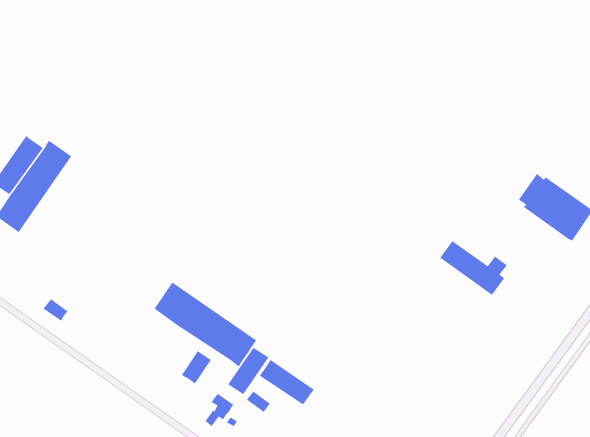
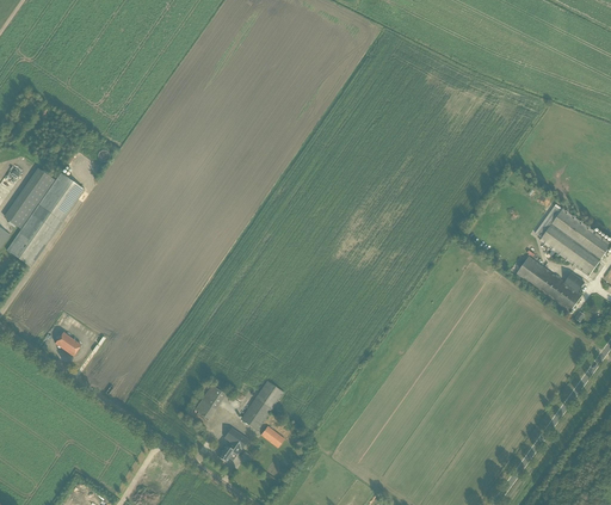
building: [439,240,508,296] -> [514,257,584,313]
building: [154,282,257,368] -> none
building: [259,359,315,406] -> none

